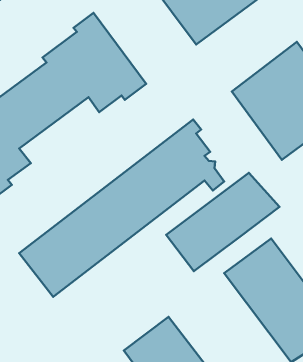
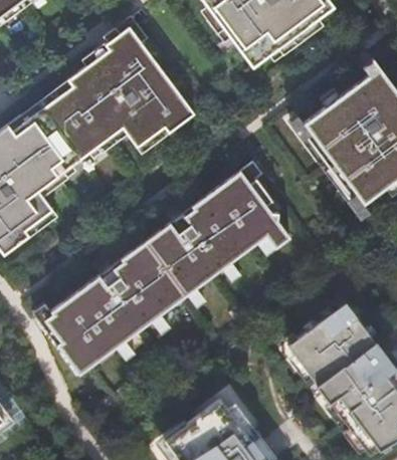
building: [166,173,280,271] -> none

